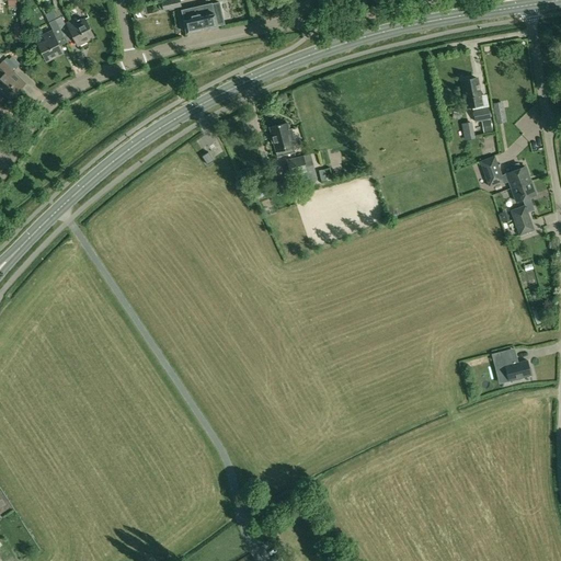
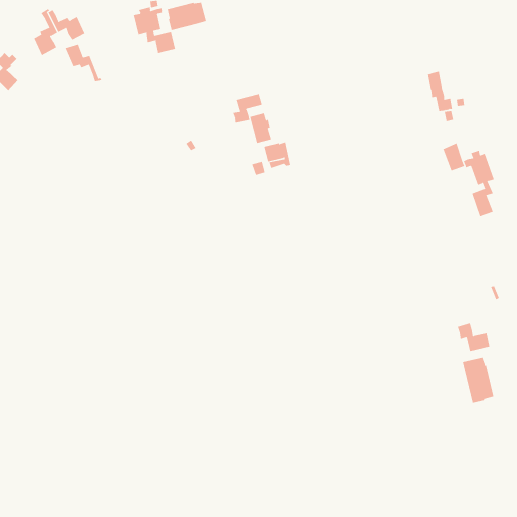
building: none -> [133,6,176,54]
building: none -> [65,44,102,82]
building: none -> [232,94,262,123]
building: none -> [463,357,494,404]

